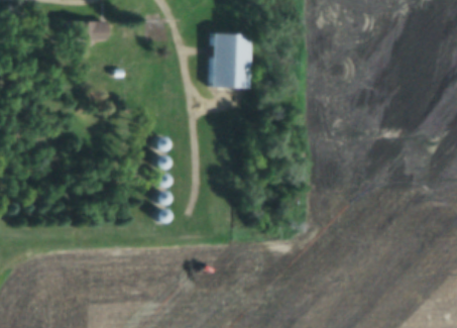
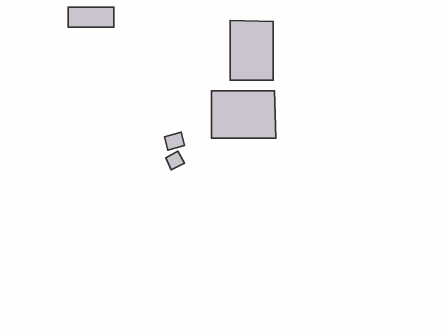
building: none -> [211,91,276,138]

